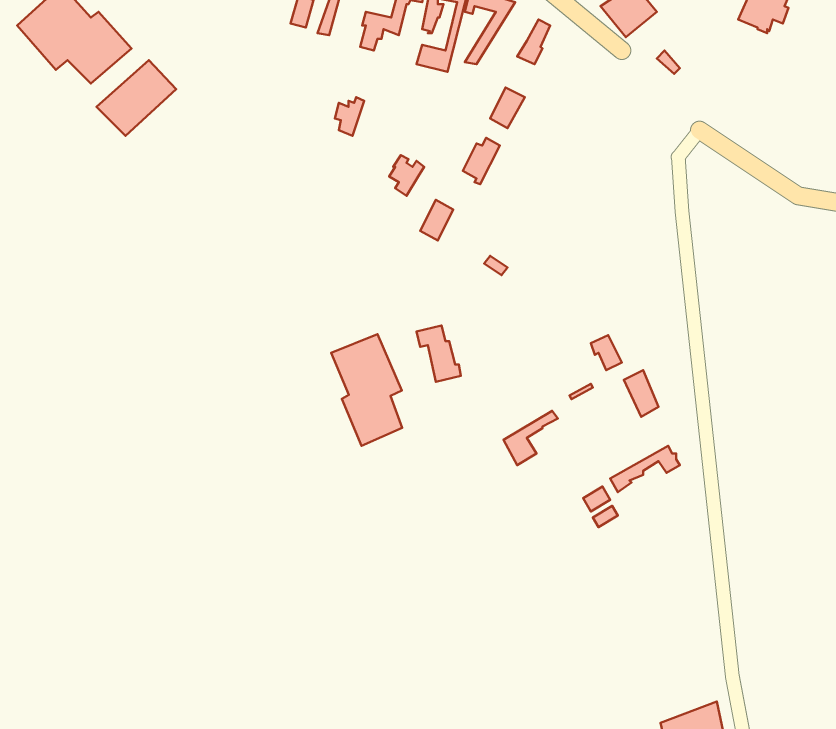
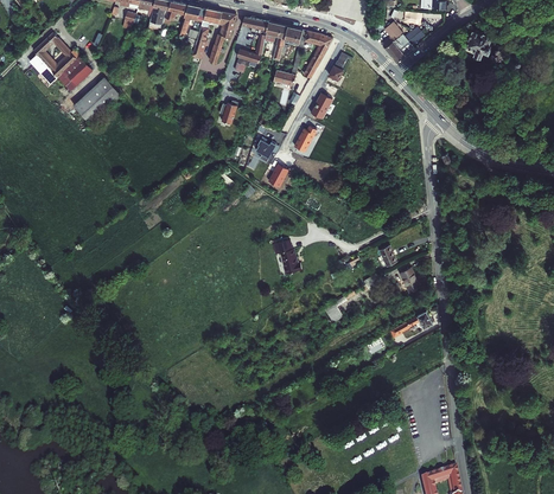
building: [331,334,402,446] -> none

